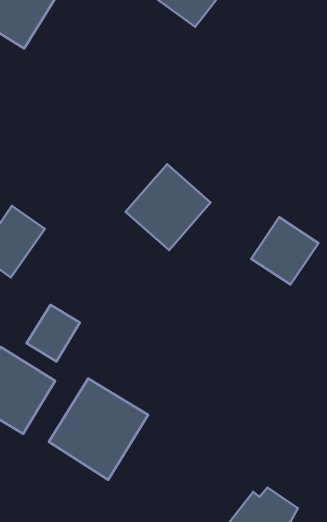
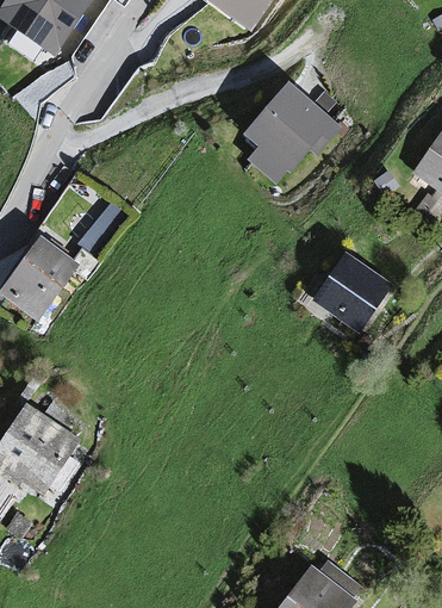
building: [126,164,211,250] -> [239,85,337,184]
building: [27,305,80,362] -> none
building: [49,378,148,480] -> none

